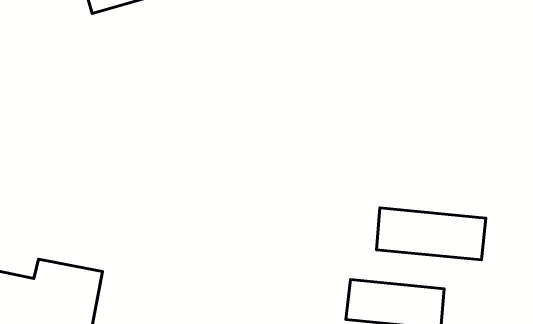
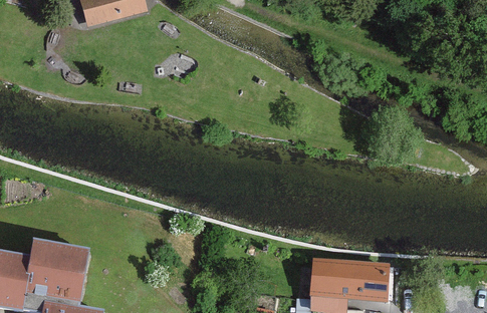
building: [377,208,486,260] -> none

